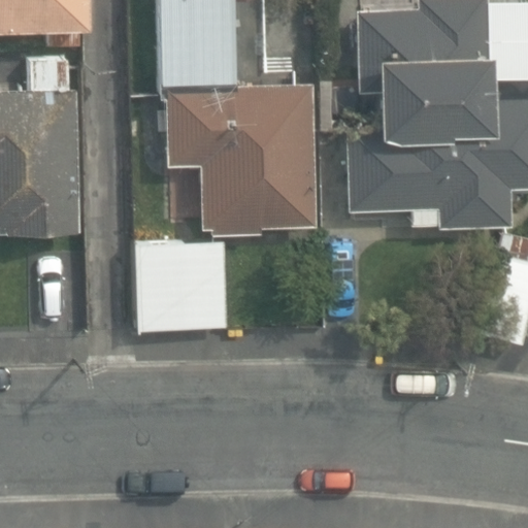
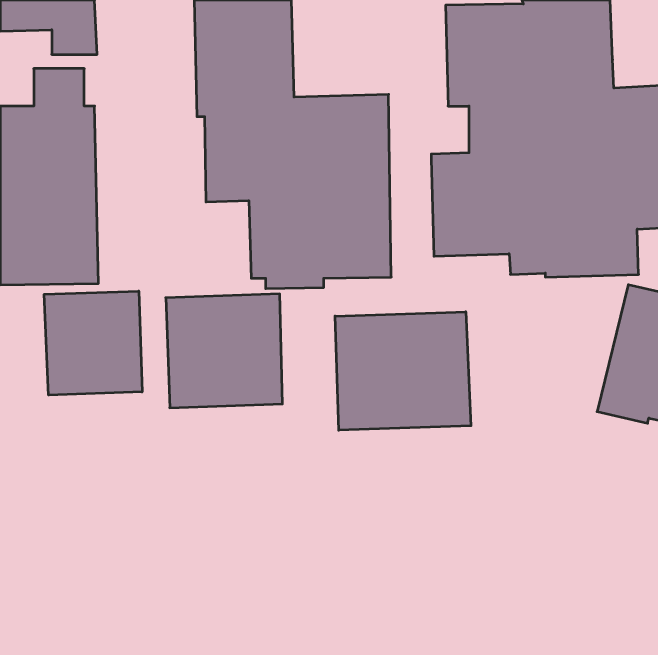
building: none -> [44,291,142,395]
building: none -> [335,312,471,430]

